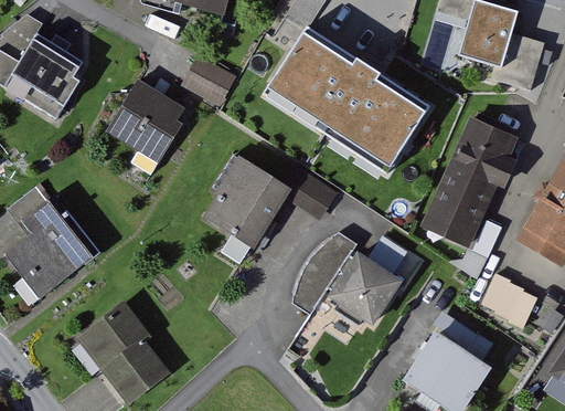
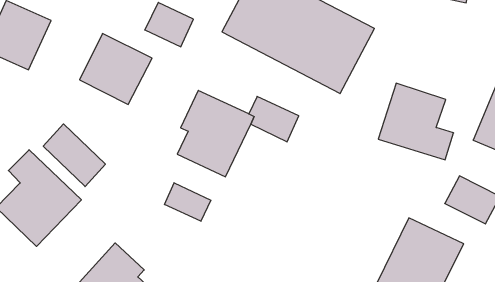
building: [444,115,518,191] -> none
building: none -> [43,124,105,187]
building: [291,231,409,331] -> none
building: none -> [165,183,211,221]

